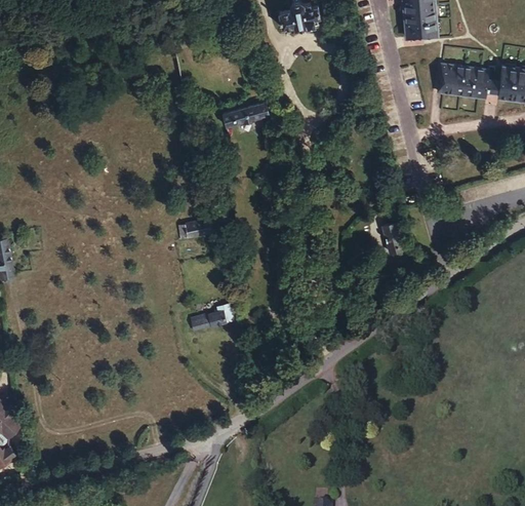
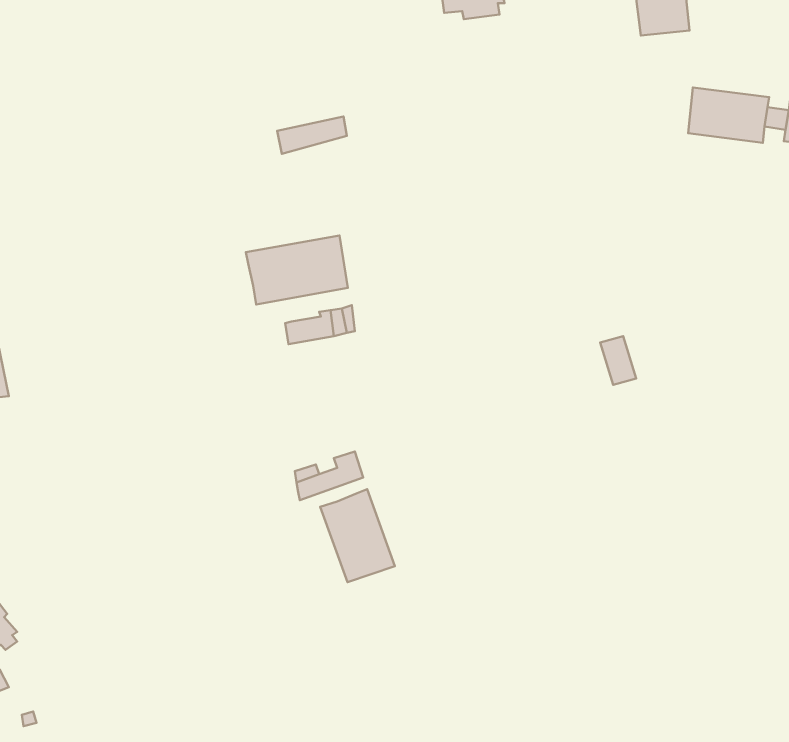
building: [224,100,268,123] -> [277,116,347,154]
building: none -> [246,235,348,305]
building: none -> [320,489,395,582]

